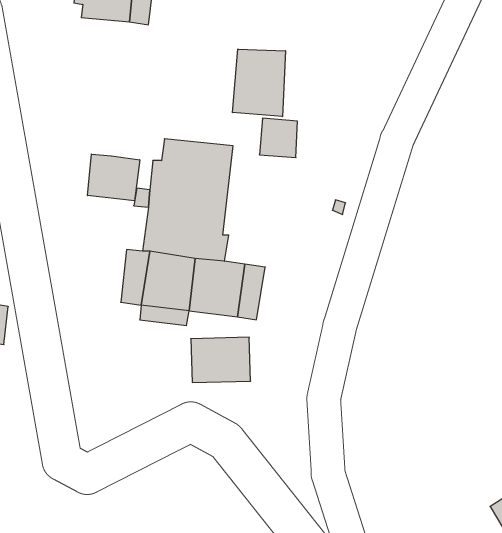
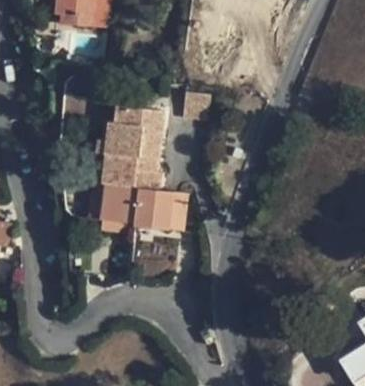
building: [232,49,285,117] -> none
building: [88,154,140,201] -> none

